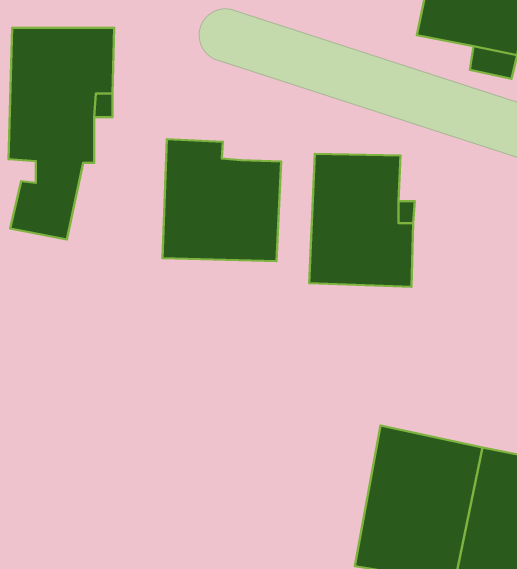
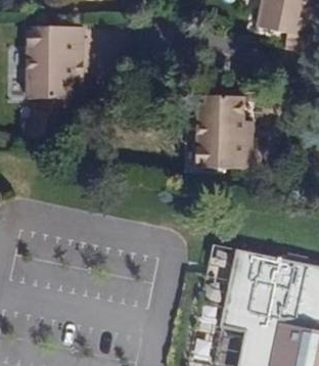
building: [163,139,281,261] -> none

